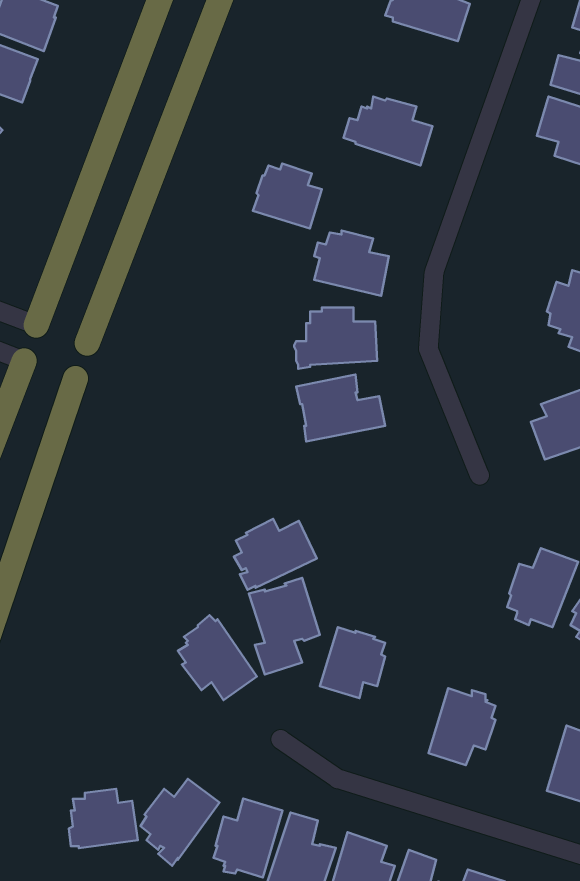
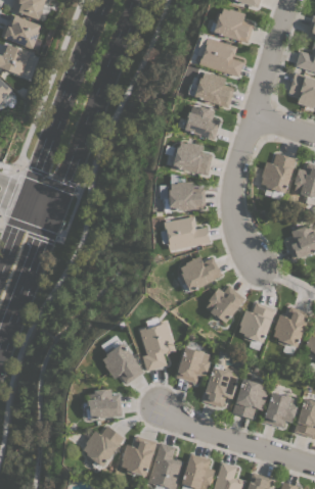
building: none -> [198,38,243,78]
building: [253,164,322,229] -> [184,106,220,140]
building: none -> [261,153,296,194]
building: none -> [206,286,244,324]
building: [234,519,317,590] -> [179,256,222,293]
building: none -> [238,302,275,343]
building: none -> [202,363,237,407]
building: none -> [263,392,297,429]
building: [69,789,138,848] -> [86,389,122,420]

